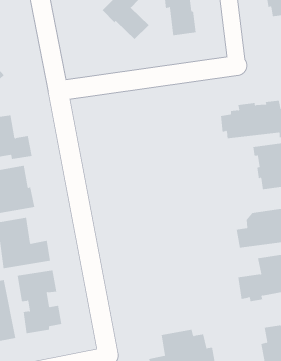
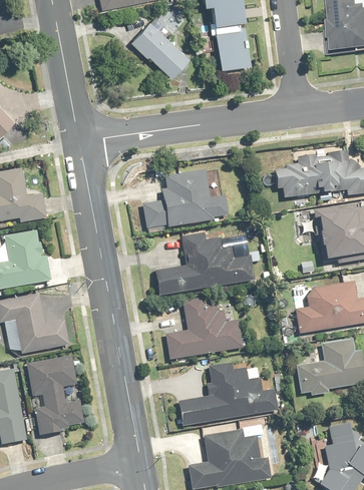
building: none -> [142,168,228,230]
building: none -> [155,231,254,296]
building: none -> [166,298,242,359]
building: none -> [178,363,277,425]

